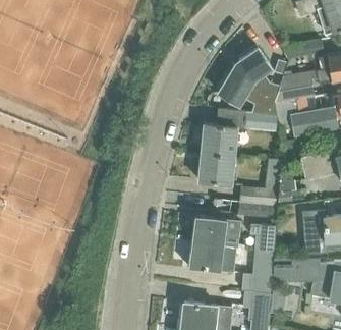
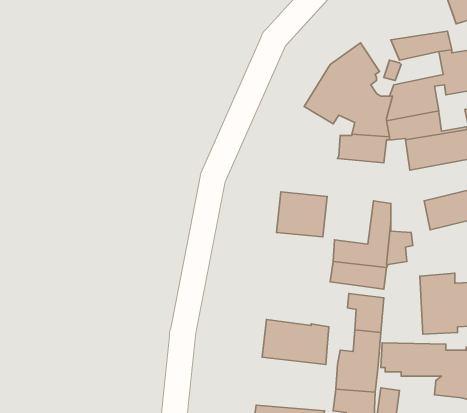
building: [202,109,243,156] -> none
building: [191,216,239,248] -> none

